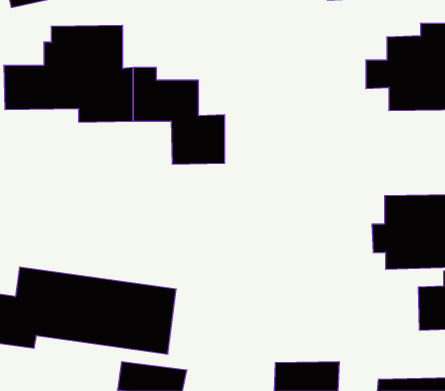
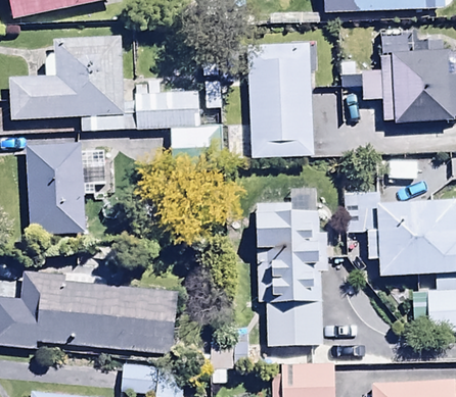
building: none -> [245,20,317,140]
building: none -> [30,144,115,233]
building: none -> [257,188,324,344]

